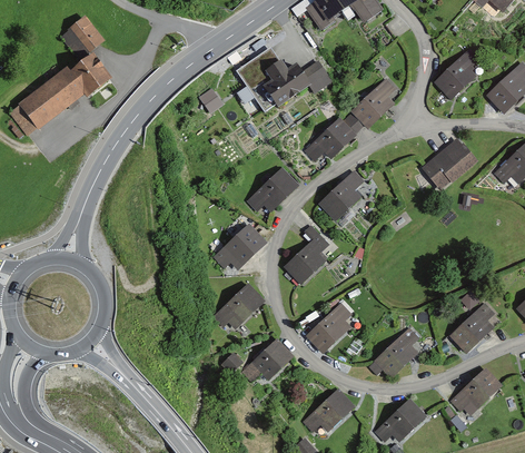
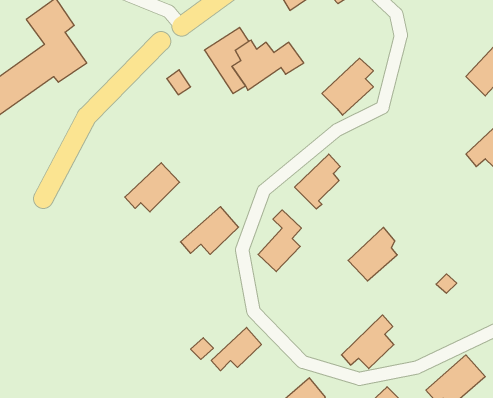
building: [435,47,482,99] -> none
building: [303,110,363,160] -> none
building: [419,135,479,191] -> none
building: [248,165,301,213] -> [125,163,180,212]
building: [215,284,262,331] -> none
building: [456,301,497,348] -> none
building: [306,302,354,354] -> [348,227,397,281]

